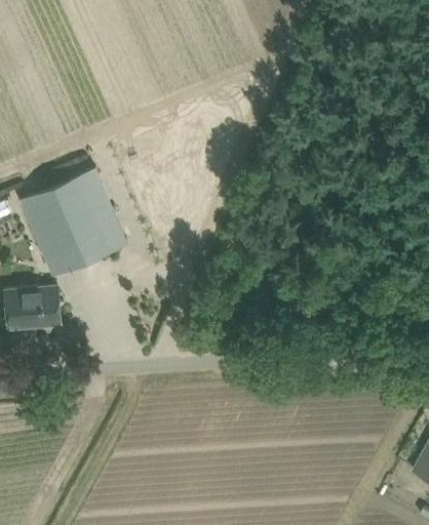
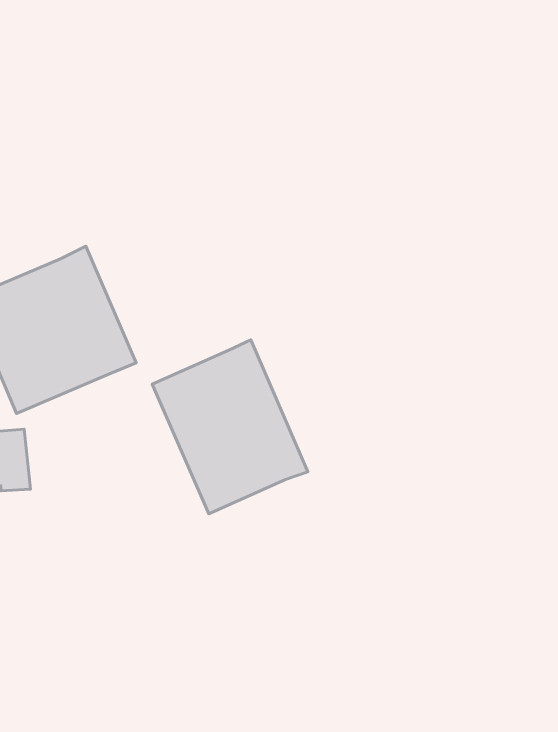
building: none -> [152,340,308,514]

